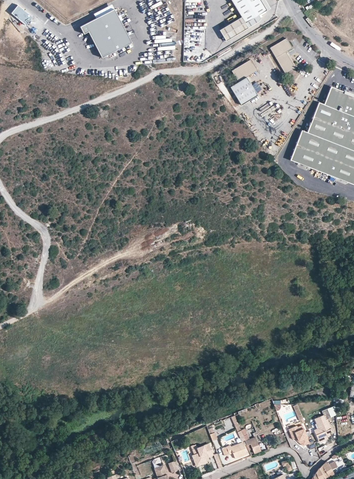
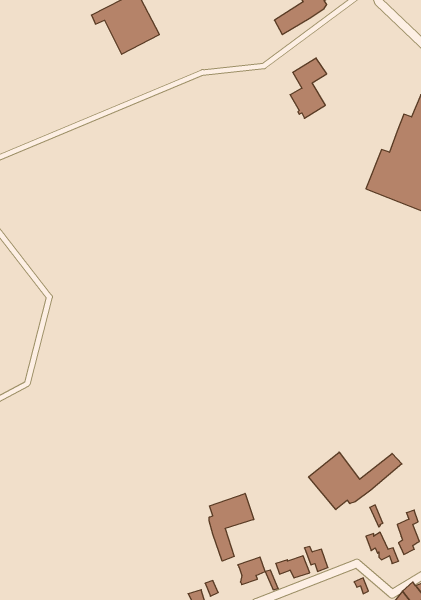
building: [272,38,296,73] -> none
building: none -> [309,452,402,510]
building: none -> [209,493,254,561]

